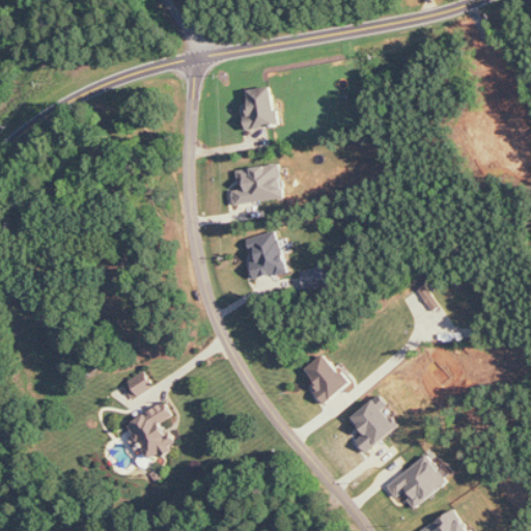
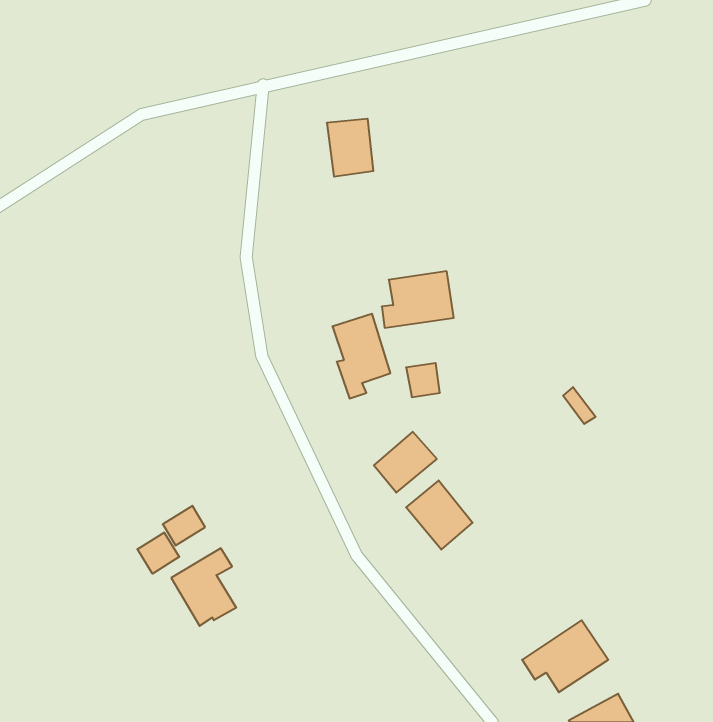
building: [228,164,281,205] -> [382,271,454,328]
building: none -> [374,432,437,493]
building: none -> [137,532,179,574]
building: [347,395,395,453] -> none

